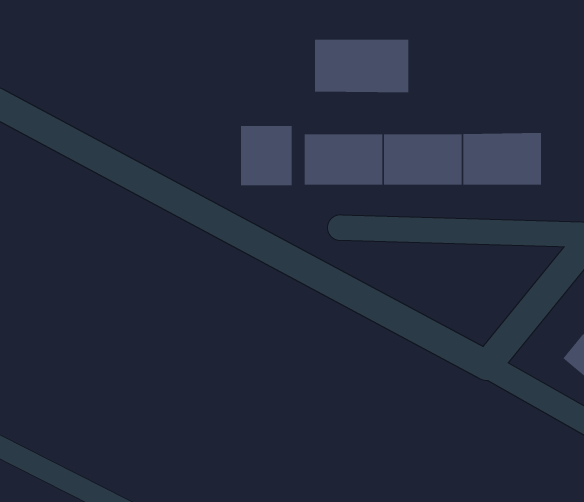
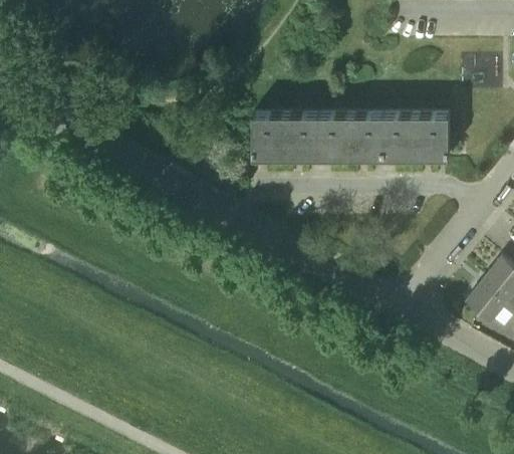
building: [314,39,409,93] -> none
building: [240,125,292,186] -> none

